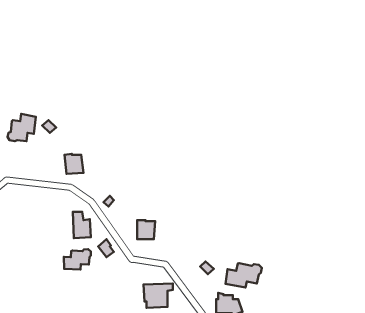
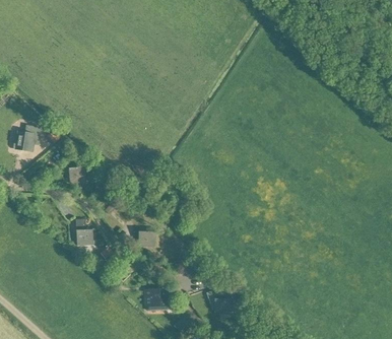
building: [64,249,91,269] -> none
building: [226,263,262,288] -> none

